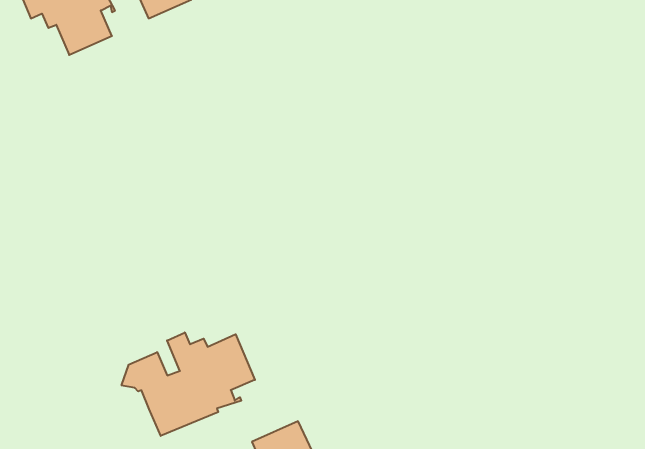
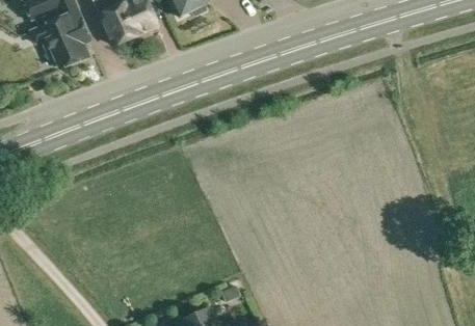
building: [122,332,255,436] -> none

